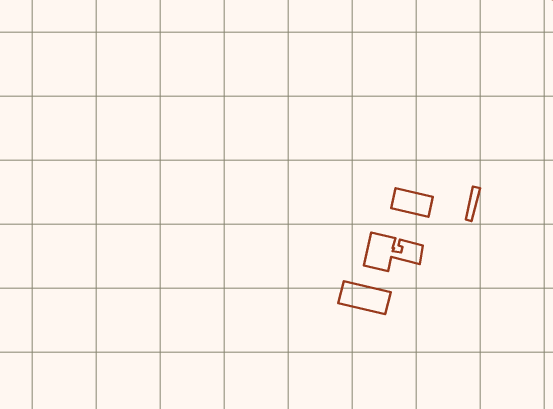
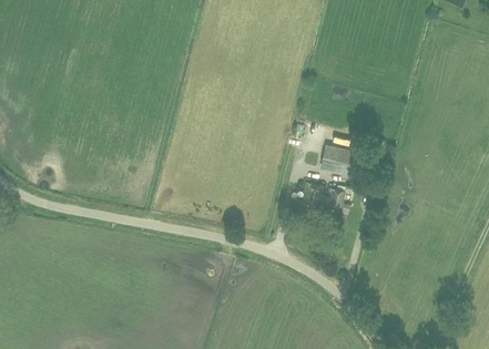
building: [338,281,391,314] -> none

